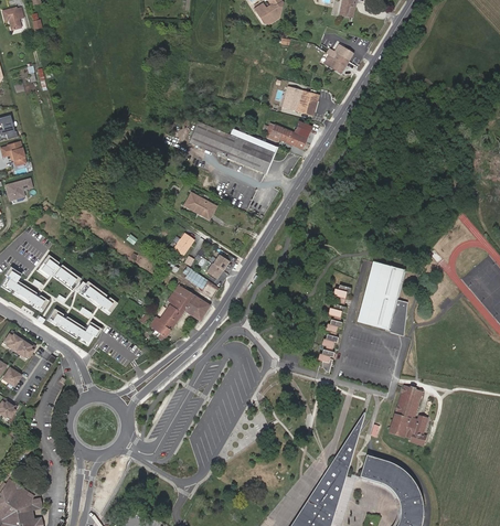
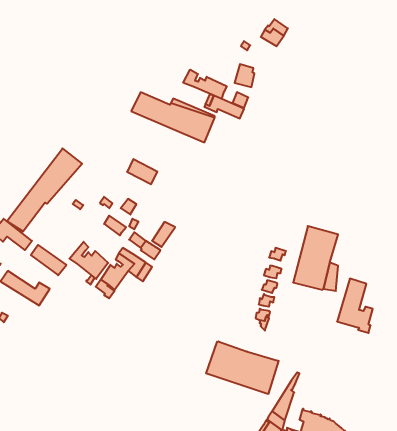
building: none -> [183,70,227,99]
building: none -> [7,148,82,232]
building: none -> [69,242,108,279]
building: none -> [206,341,279,394]
building: [390,387,427,444] -> [337,279,373,333]

